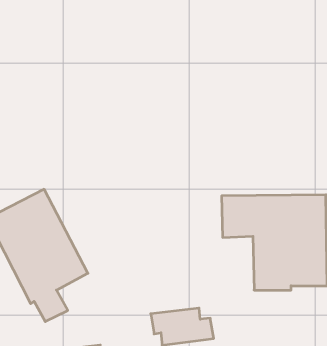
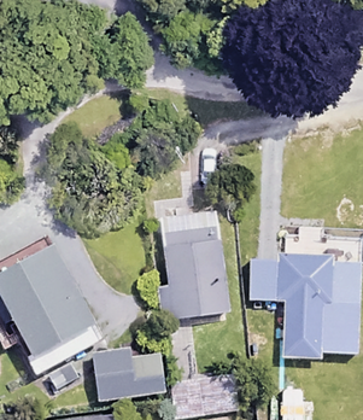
building: none -> [156,223,228,321]
building: none -> [89,349,164,397]

